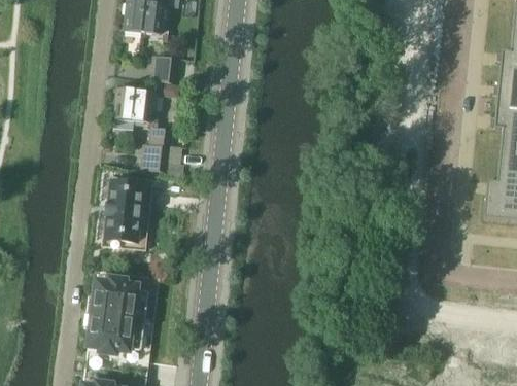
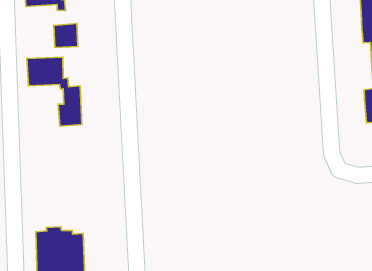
building: [101,175,153,249] -> none

